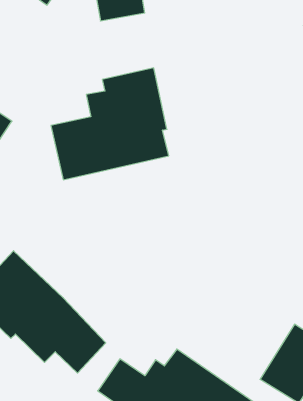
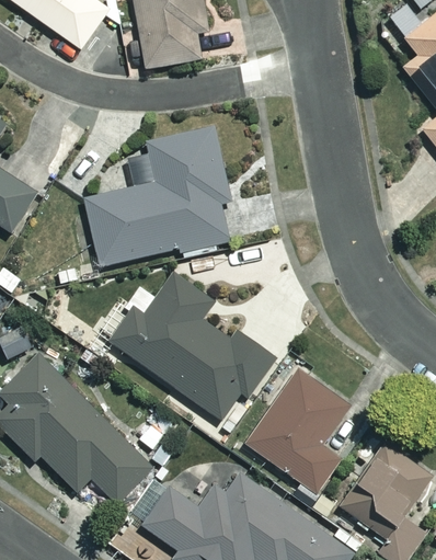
building: none -> [110,273,276,419]
building: none -> [245,369,349,494]

